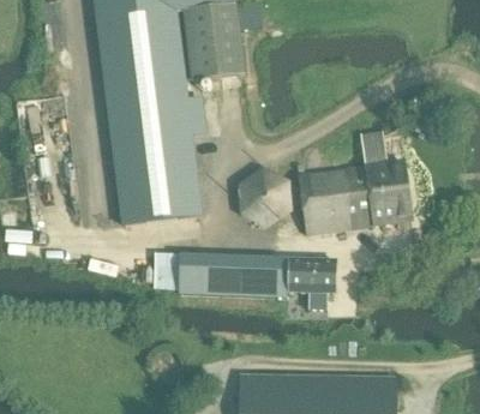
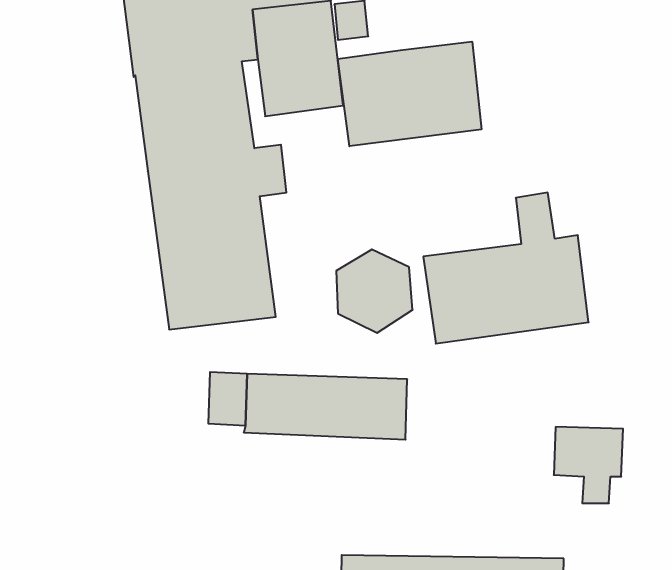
building: none -> [338,42,481,146]
building: [288,258,335,310] -> [554,427,623,503]

